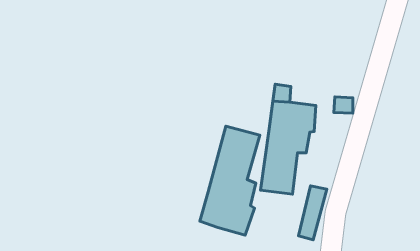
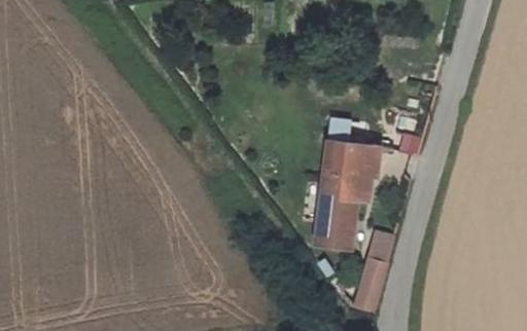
building: [200,126,260,235] -> none

